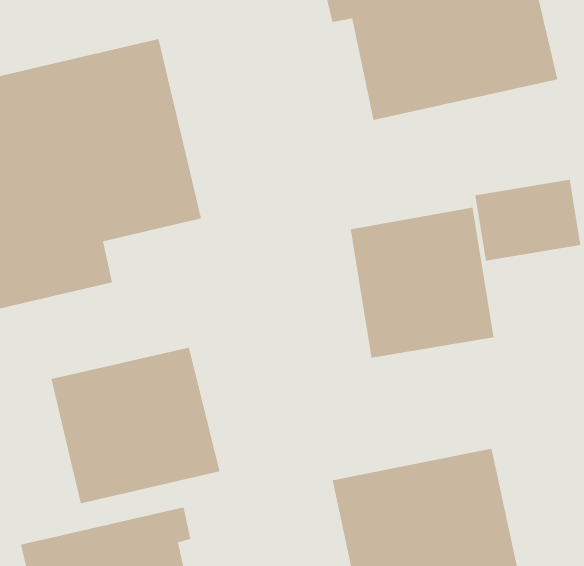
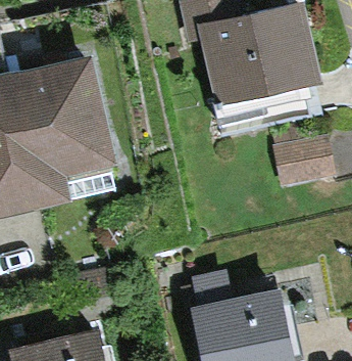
building: [350,207,494,358] -> none
building: [51,347,220,504] -> none

